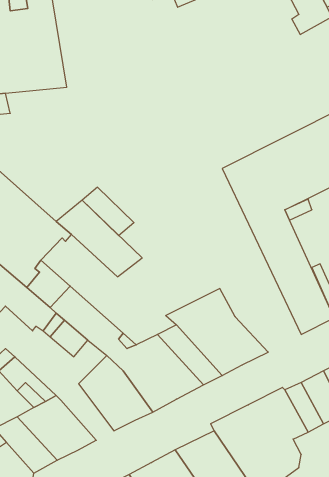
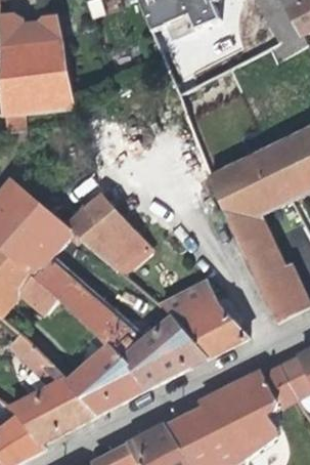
building: none -> [69,366,115,415]

